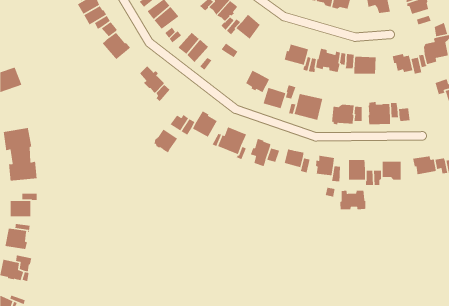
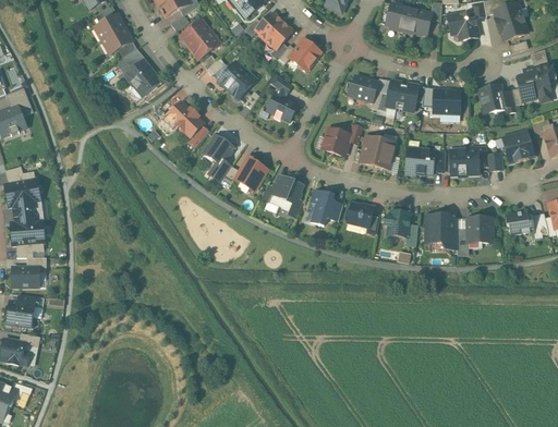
building: [245,69,270,93] -> [267,92,298,121]
building: none -> [502,130,533,162]
building: [153,129,178,154] -> [204,134,234,164]
building: [339,190,366,210] -> none

